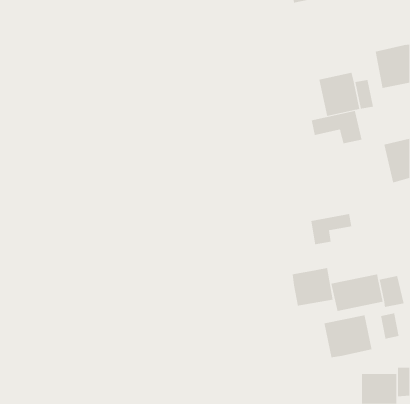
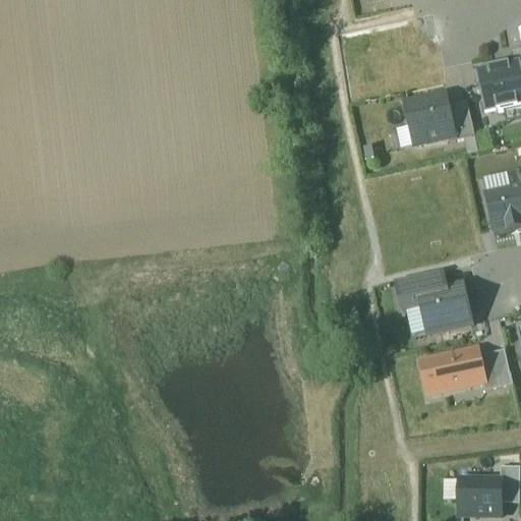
building: [311,110,362,144] -> none
building: [292,268,333,306] -> [418,284,471,333]
building: [380,312,399,340] -> none
building: [324,314,372,358] -> none

